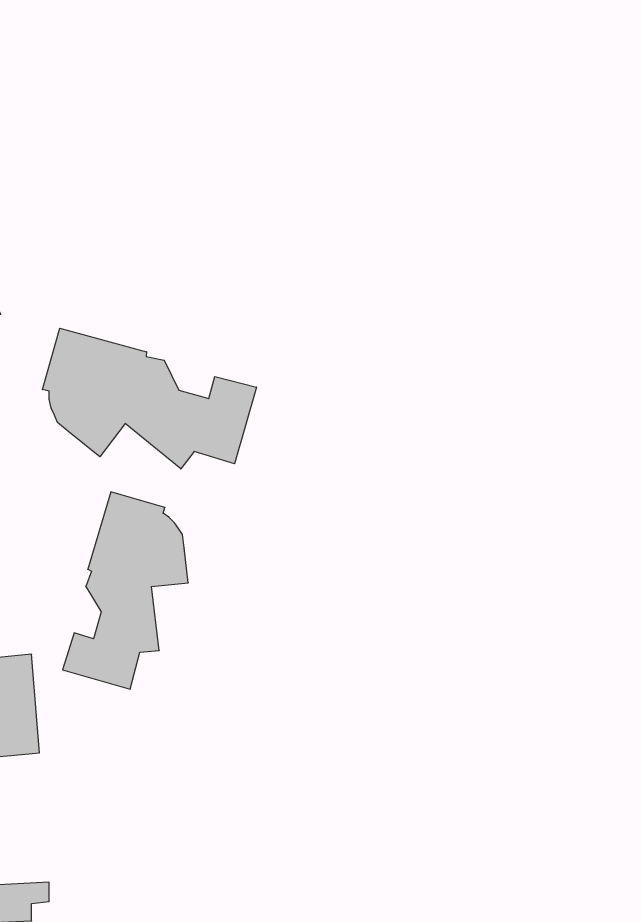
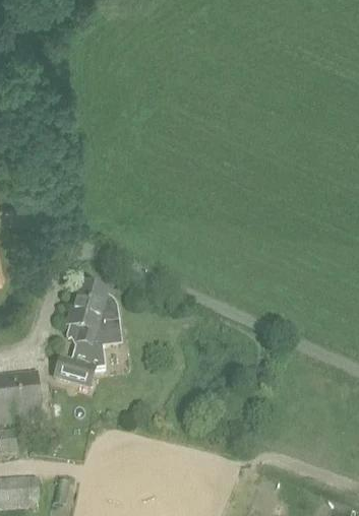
building: [42,328,256,469] -> none

